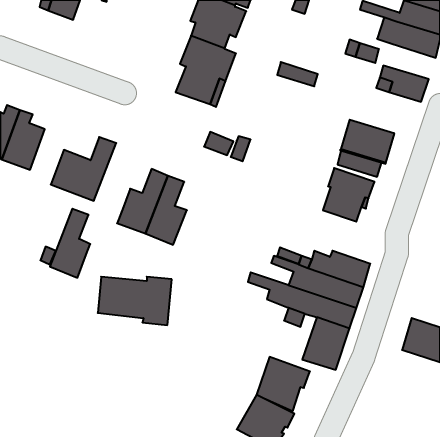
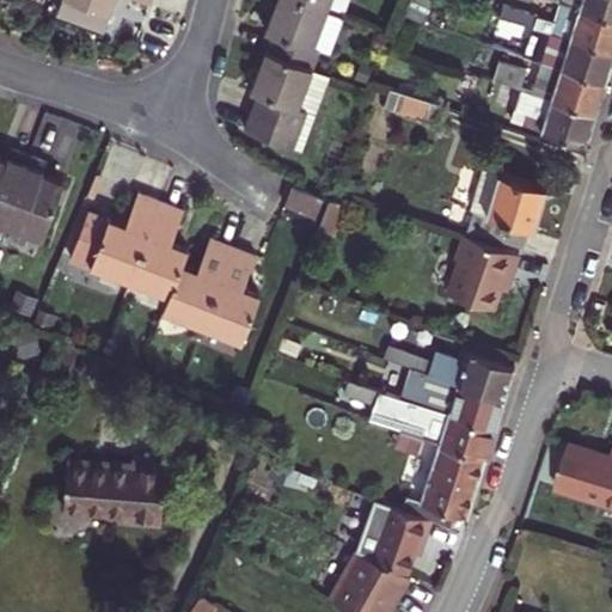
building: none -> [532,65,605,115]
building: [50,209,90,278] -> [130,203,186,299]
building: [98,277,172,325] -> [63,463,166,530]

